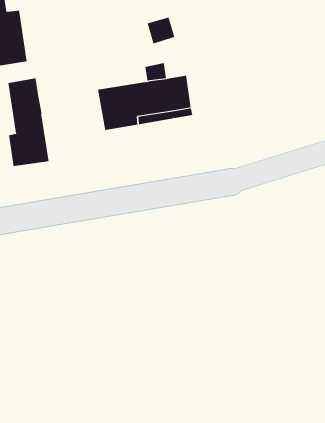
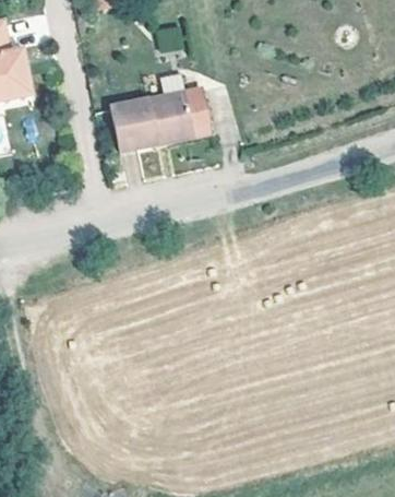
building: [8,78,49,167] -> none

